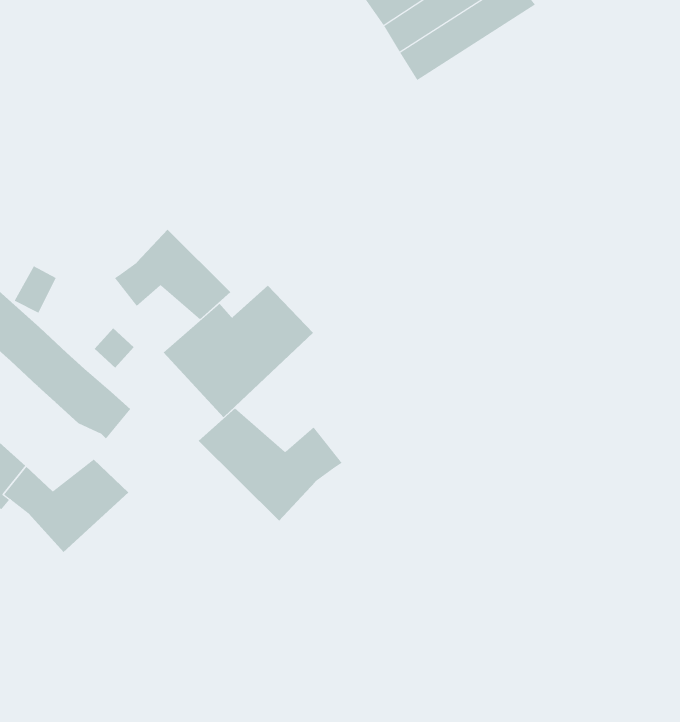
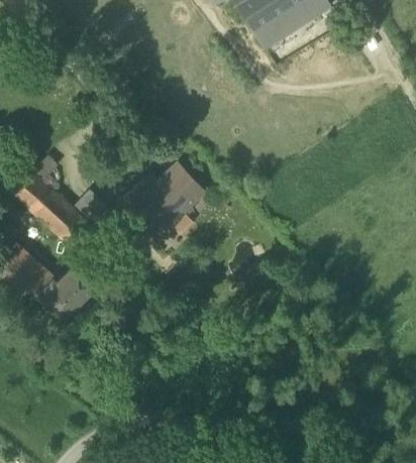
building: [114,229,231,320] -> none
building: [198,407,343,521] -> none

